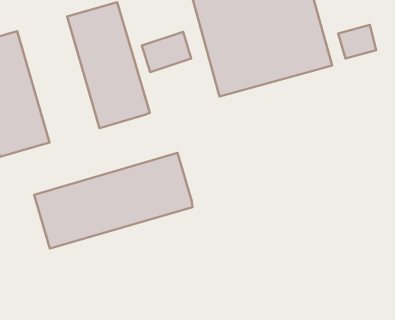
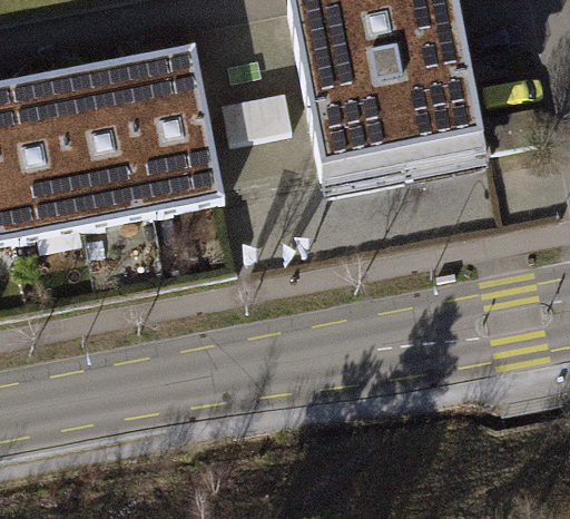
building: none -> [58,57,157,224]
building: [34,153,192,248] -> none

